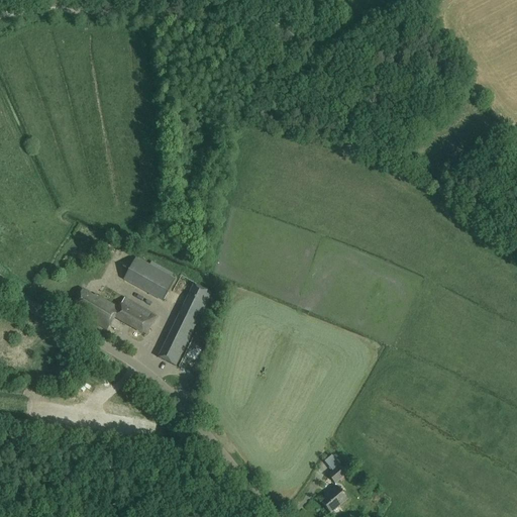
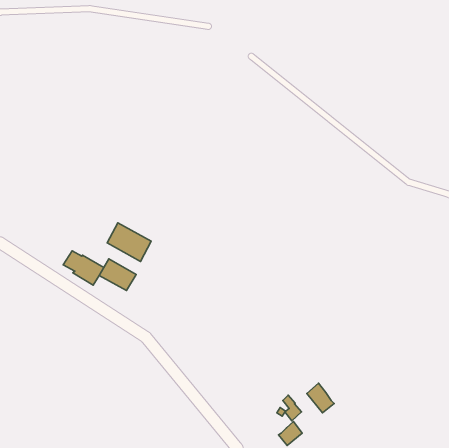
building: [158,282,211,365] -> none
building: none -> [307,383,334,413]

